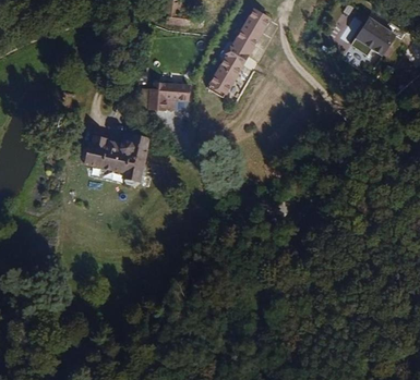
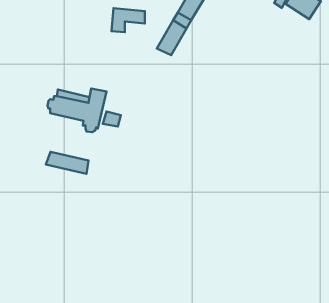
building: [151,82,189,109] -> [112,8,145,32]
building: none -> [46,152,88,174]

